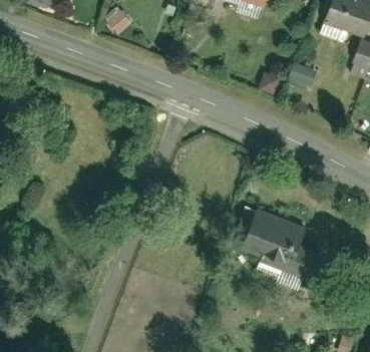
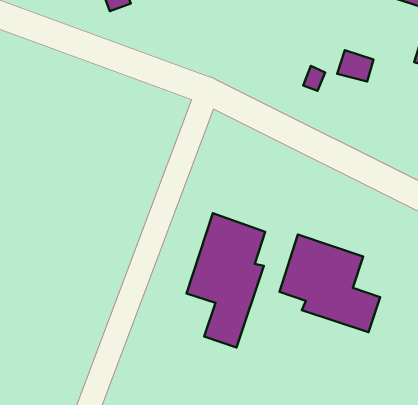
building: none -> [187,213,265,347]

